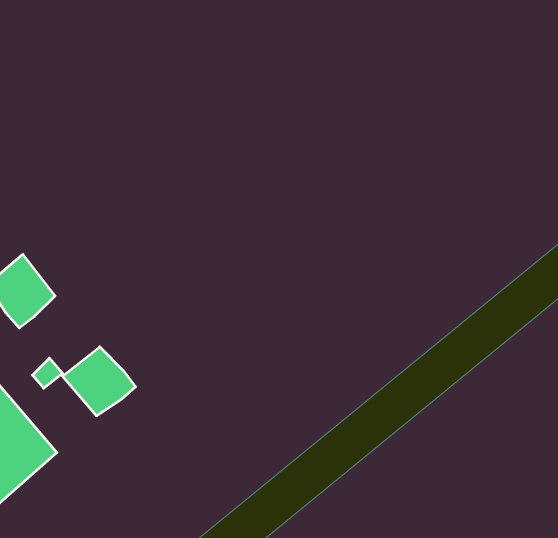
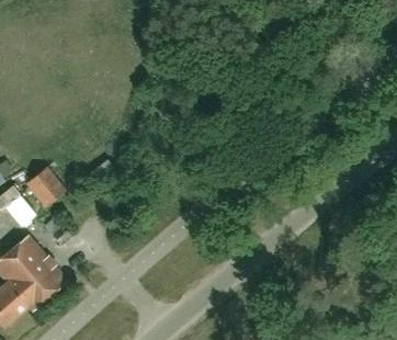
building: [62,347,136,416] -> none

